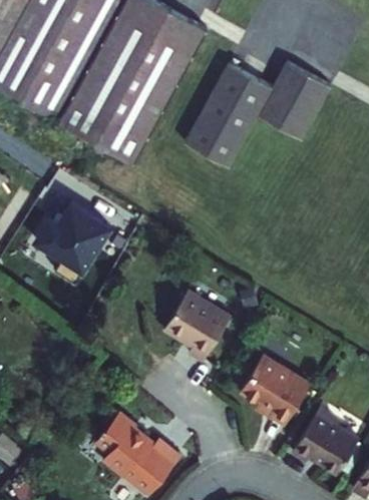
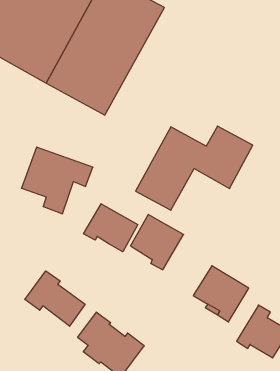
building: [183,61,330,166] -> [136,126,253,210]
building: none -> [84,204,138,252]
building: none -> [25,271,85,326]

